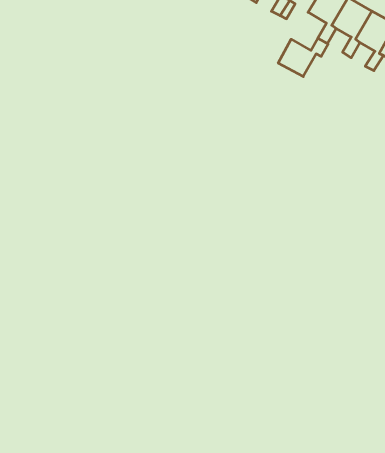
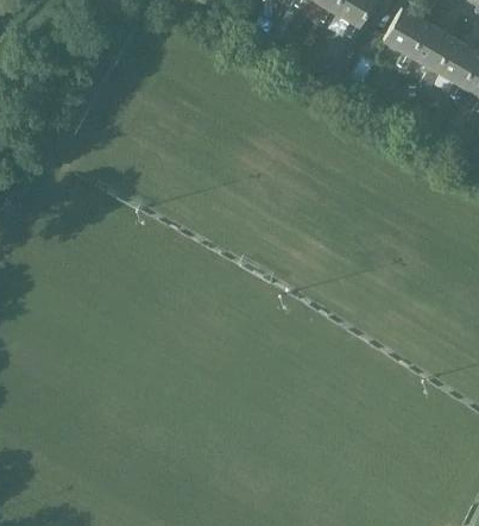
building: [278,38,328,77] -> none

